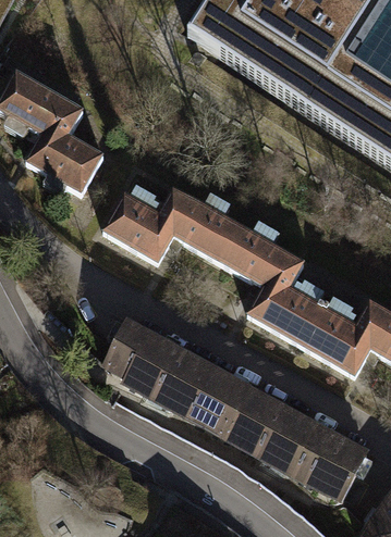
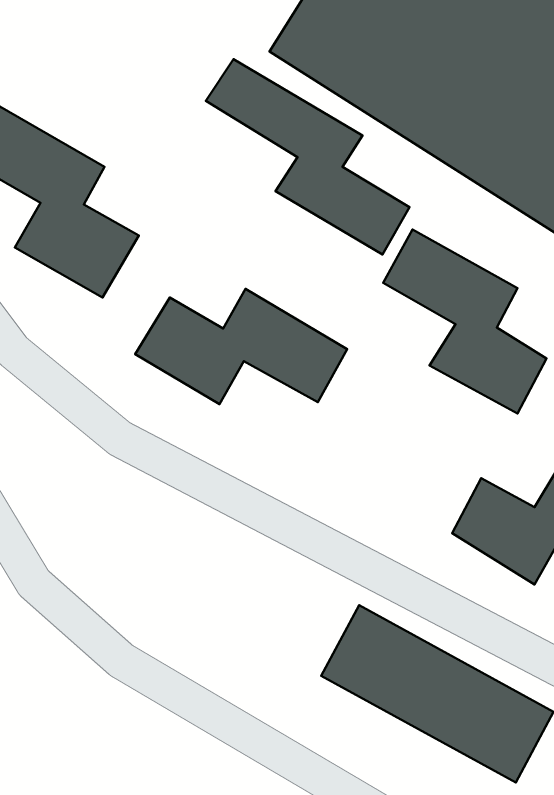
building: none -> [206,59,410,254]
building: [218,225,321,341] -> [383,230,547,414]
building: [105,323,244,432] -> none

